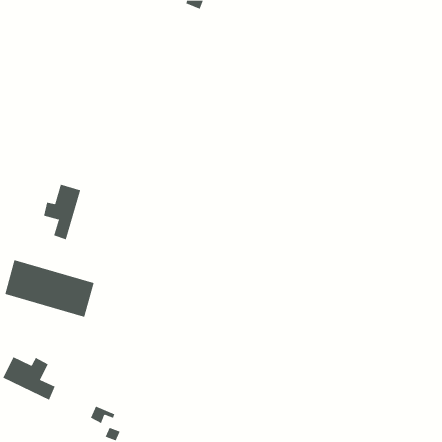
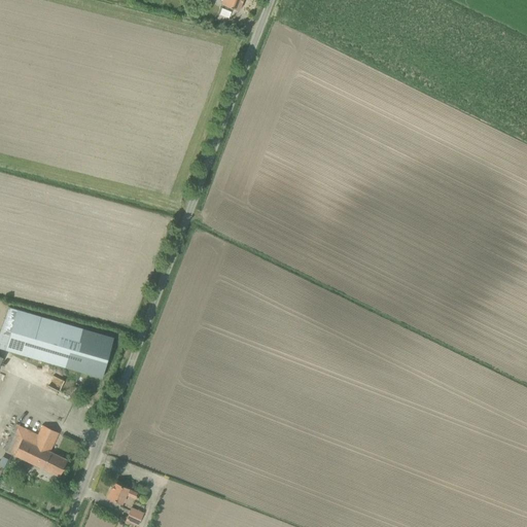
building: [43,184,81,240] -> none

